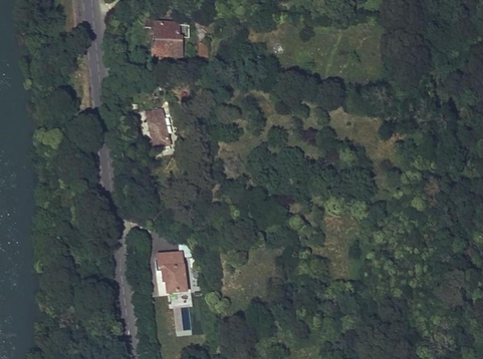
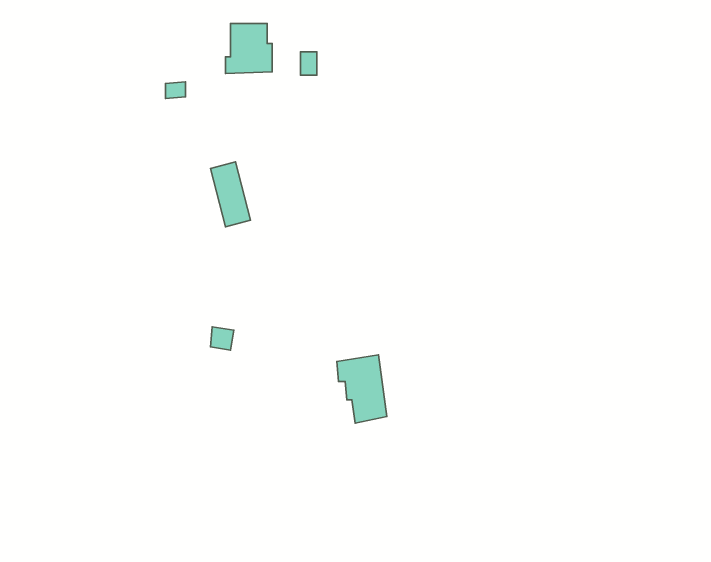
building: [156,251,186,292] -> [337,355,387,423]

